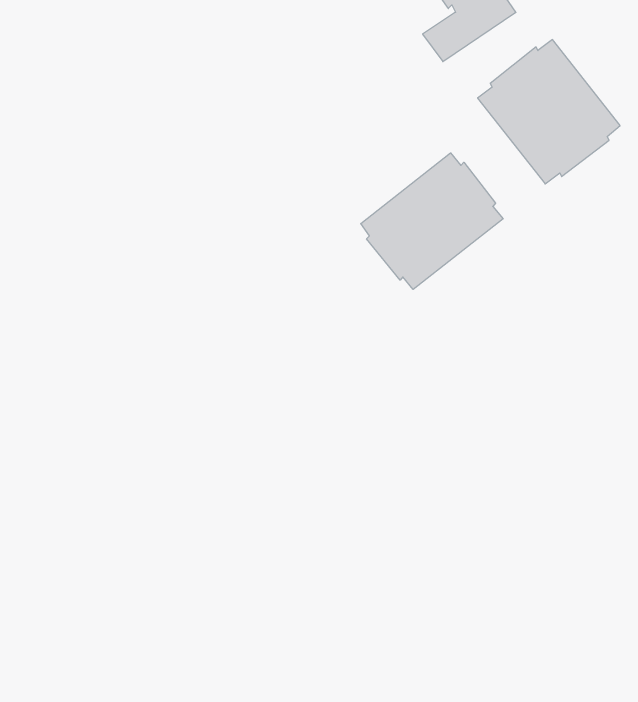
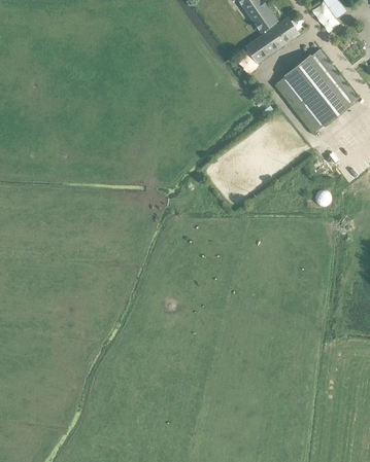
building: [361,153,503,289] -> none

